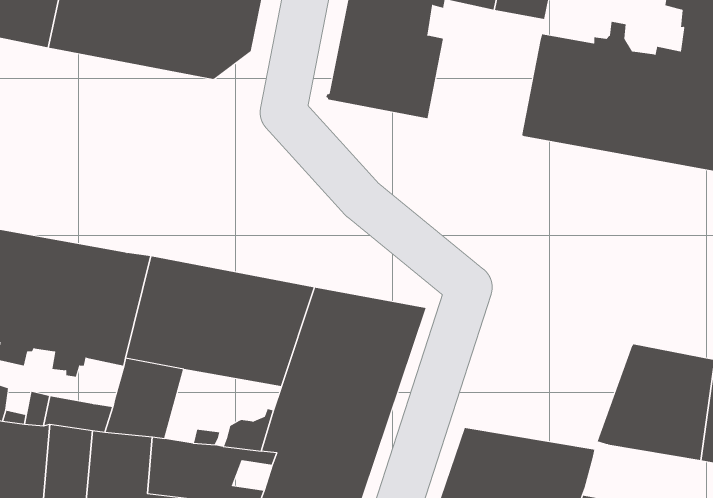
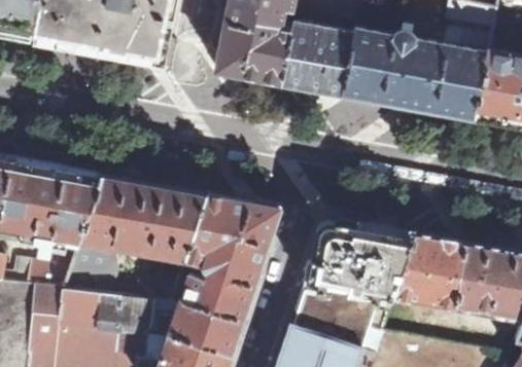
building: none -> [281,24,354,98]
building: none -> [302,220,414,302]

